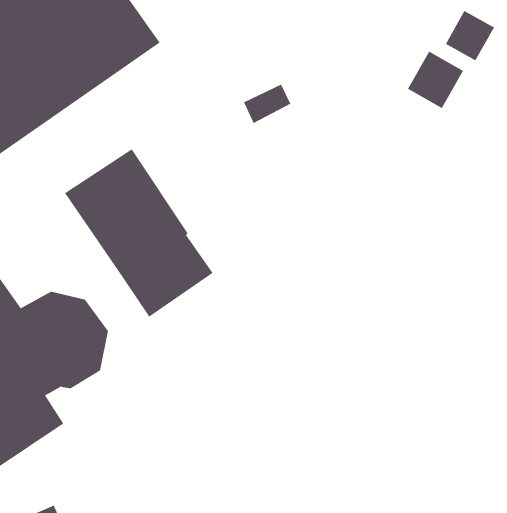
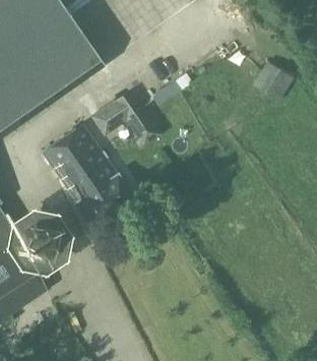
building: [445,10,495,61] -> none
building: none -> [91,91,164,148]

